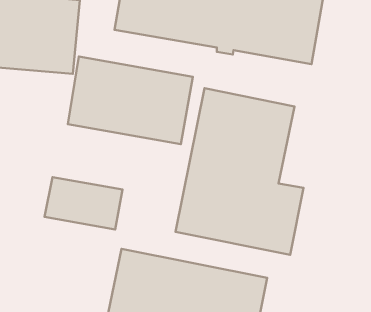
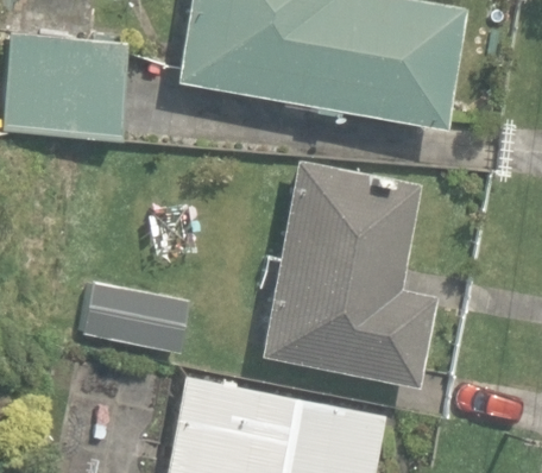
building: [68,57,193,144] -> none

